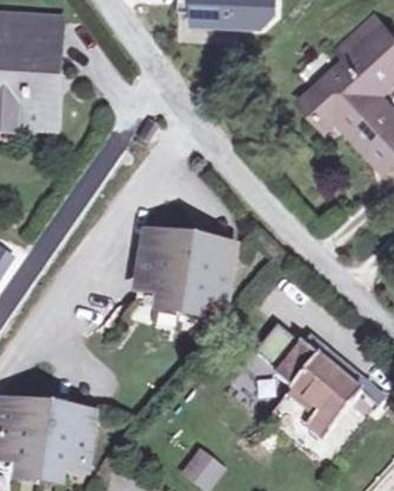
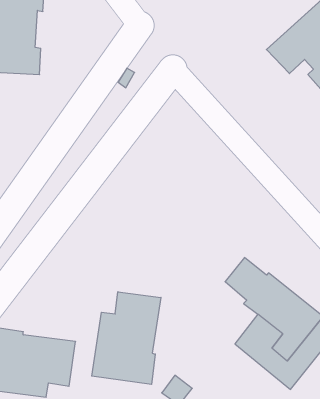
building: [136,230,235,308] -> none
building: none -> [92,292,161,384]

